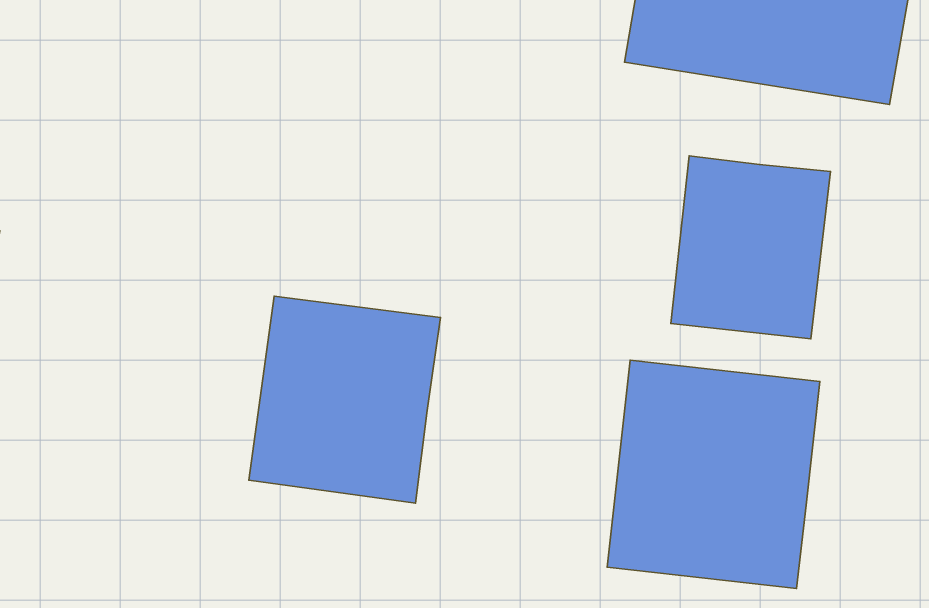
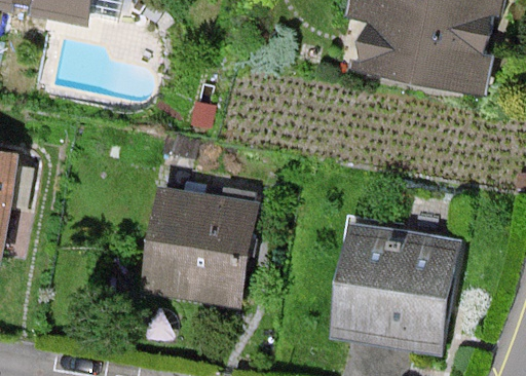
building: [671,156,830,339] -> none

